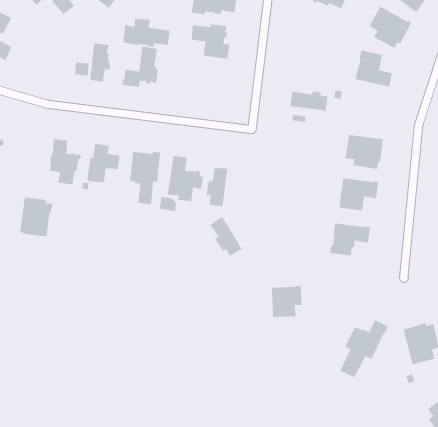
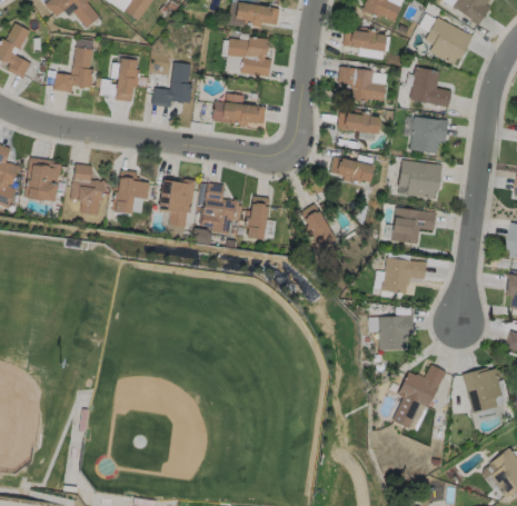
building: none -> [342,28,387,51]
building: [122,18,171,48] -> [212,93,266,126]
building: none -> [53,47,92,92]
building: none -> [338,66,386,103]
building: none -> [410,117,448,152]
building: none -> [330,156,374,182]
building: [19,197,53,237] -> [24,157,62,201]
building: [209,216,243,257] -> [300,202,337,248]
building: [271,285,302,318] -> [379,315,414,350]

